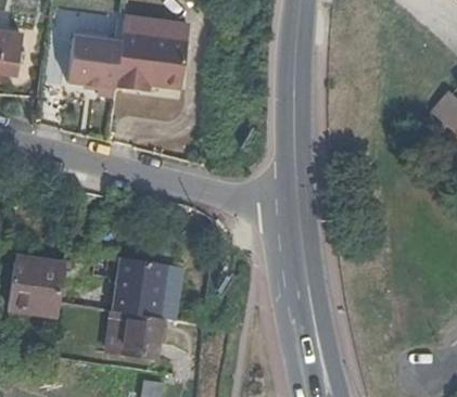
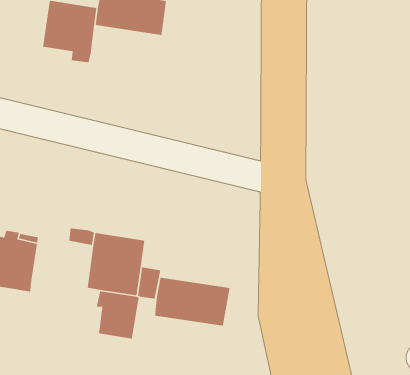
building: [115,61,182,91] -> none
building: none -> [154,277,230,327]

